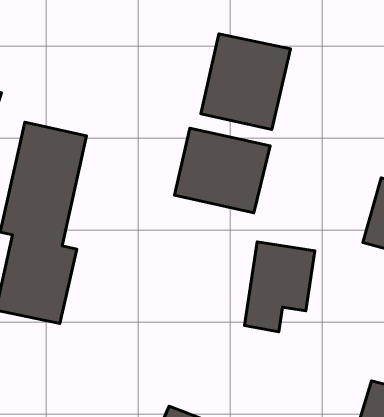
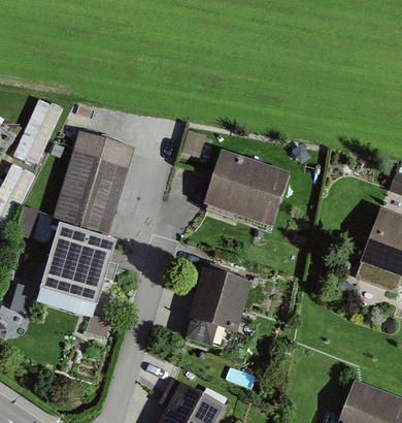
building: [201,34,291,129] -> none
building: [244,242,315,332] -> [180,269,246,348]

